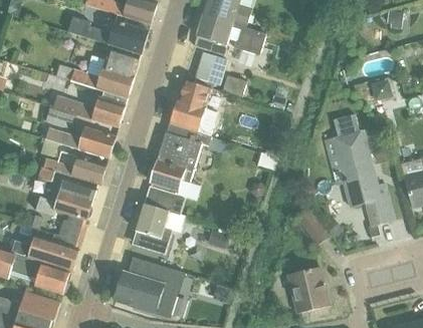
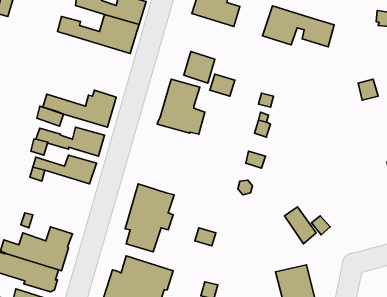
building: [193,14,265,55] -> [262,6,334,47]
building: [56,51,139,98] -> none
building: [325,115,394,241] -> none
building: [151,125,211,200] -> none
building: [36,179,96,236] -> none

